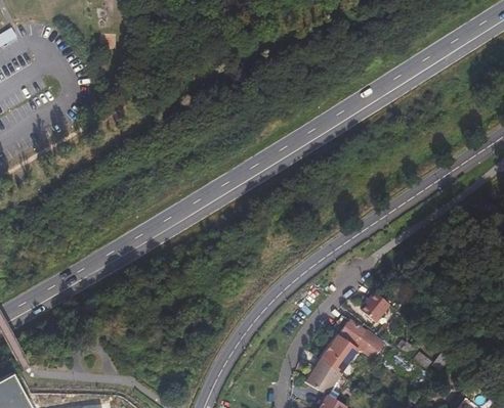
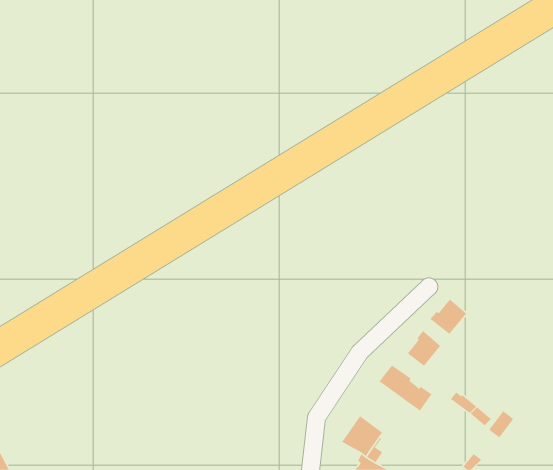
building: none -> [430,299,467,335]
building: [321,333,358,374] -> none

